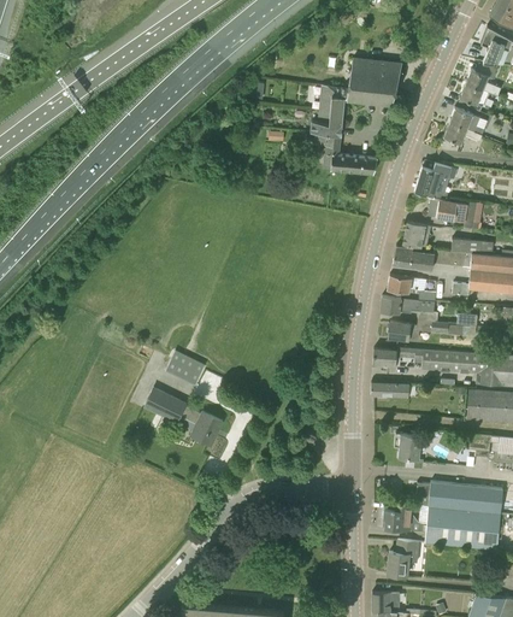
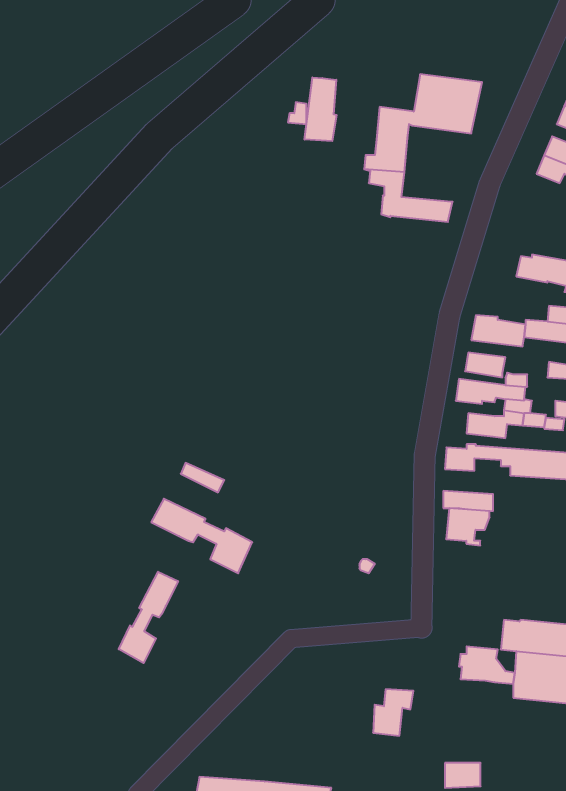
building: none -> [305,77,337,141]
building: [414,163,458,199] -> none
building: [403,222,431,248] -> none
building: [397,434,431,463] -> [446,508,490,545]
building: none -> [119,572,178,663]
building: [388,540,419,576] -> [373,689,413,736]

